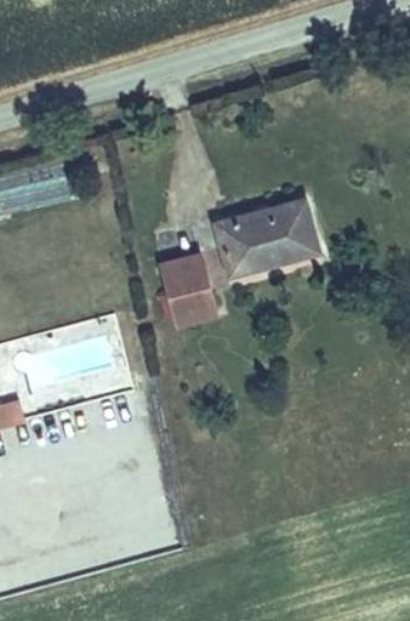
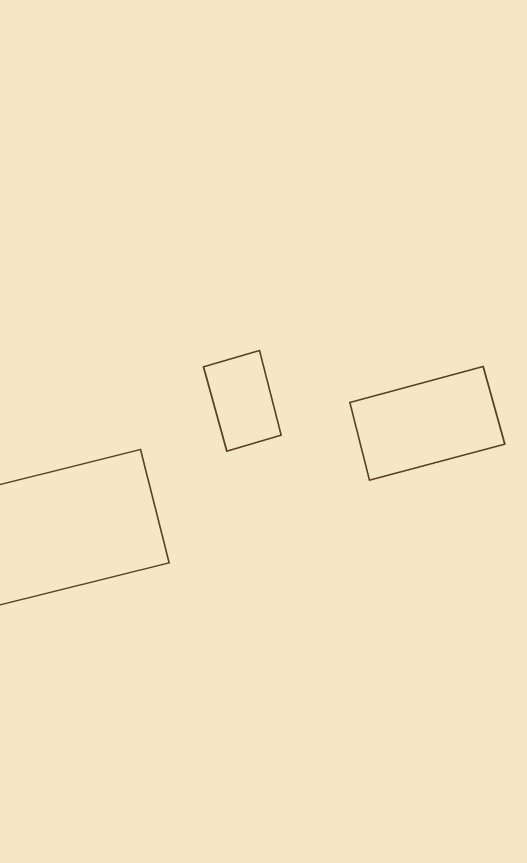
building: [216,196,320,273] -> [350,367,505,480]

